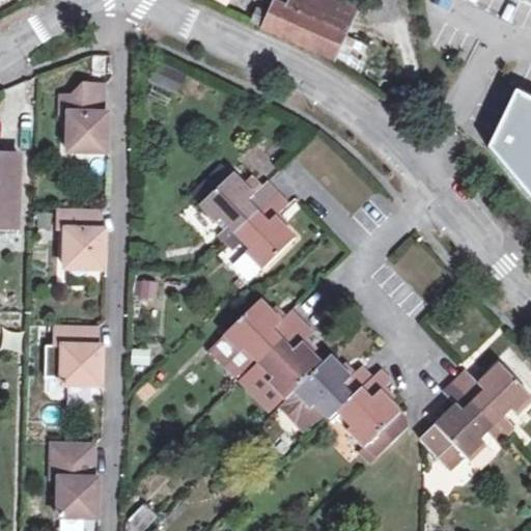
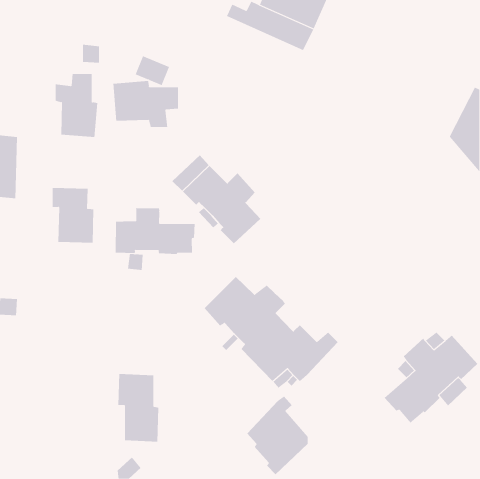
building: none -> [113,80,178,128]
building: none -> [115,207,195,255]
building: [53,323,101,383] -> none
building: [338,371,407,458] -> [246,396,309,475]
building: [50,440,95,515] -> [118,373,159,442]

